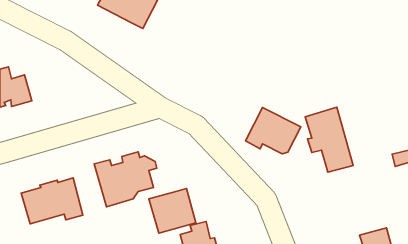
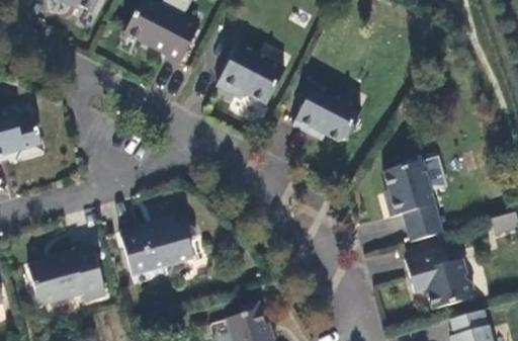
building: none -> [207,38,276,99]
building: [246,107,301,154] -> [292,83,361,141]
building: none -> [406,247,474,308]
building: [149,189,196,233] -> none

